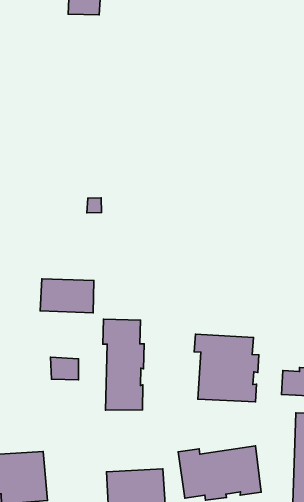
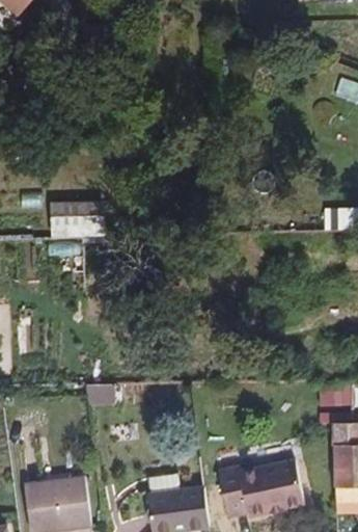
building: [40,279,94,313] -> [52,204,105,237]
building: [103,319,144,410] -> none
building: [194,334,259,402] -> none

